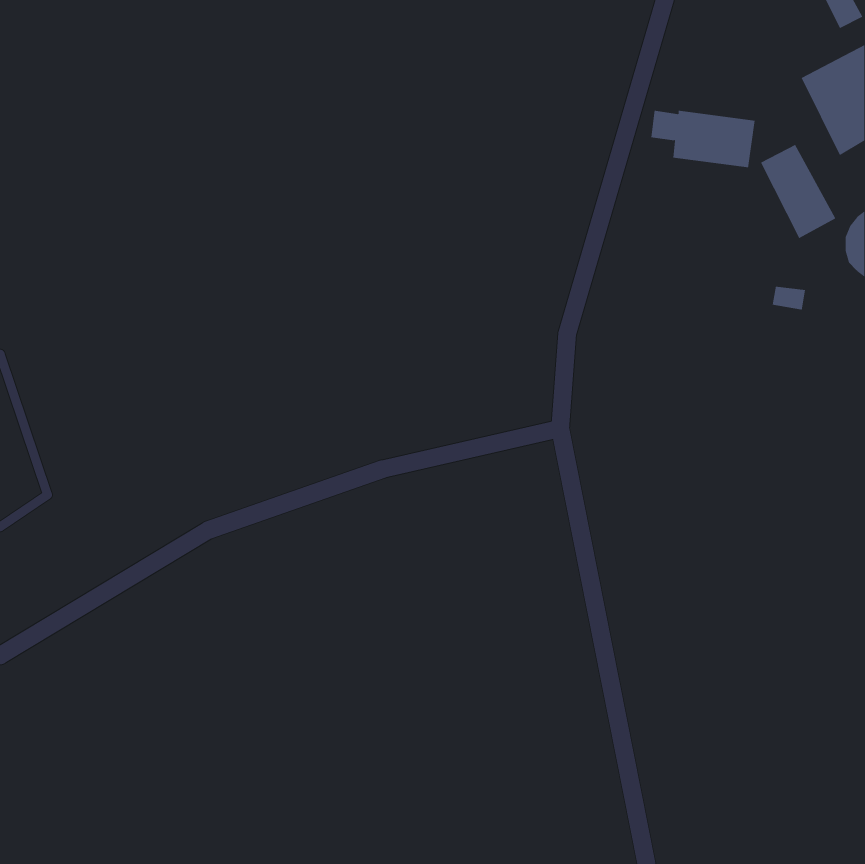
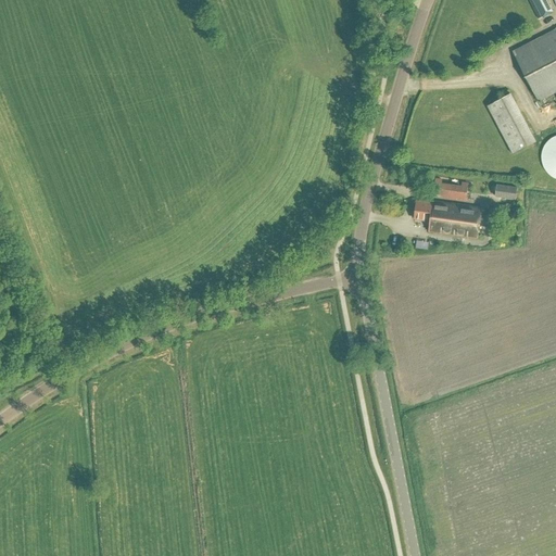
building: [651,110,756,168] -> [415,200,482,237]
building: none -> [433,177,468,200]

